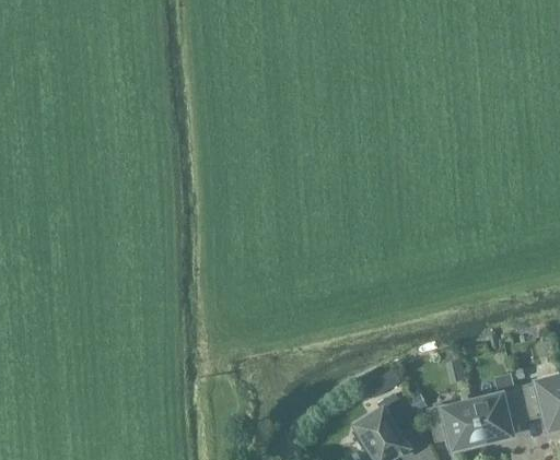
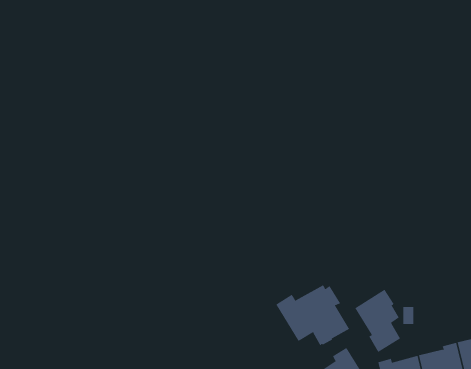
building: none -> [275,284,350,346]
building: none -> [354,289,401,353]

